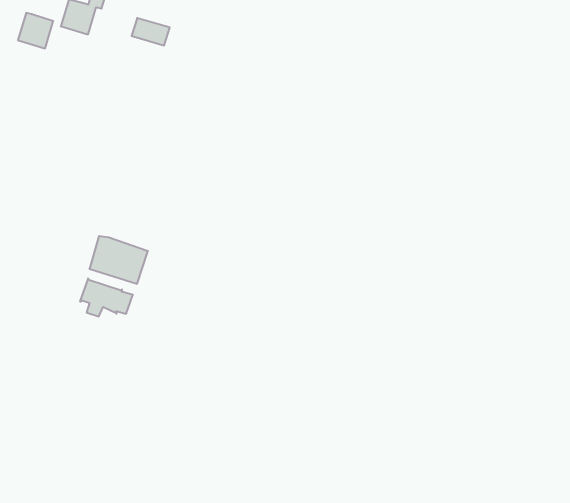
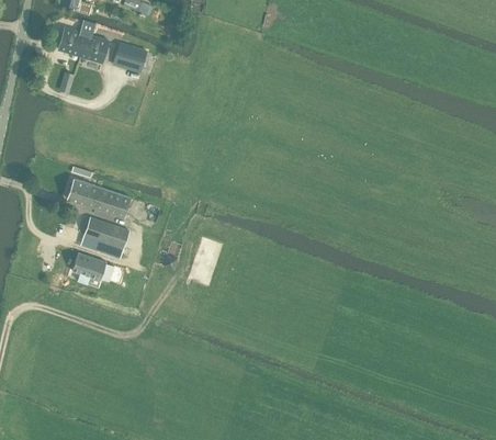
building: [18,13,53,48] -> [80,34,109,63]
building: none -> [67,178,131,217]

